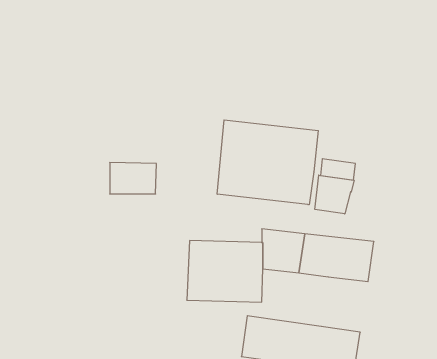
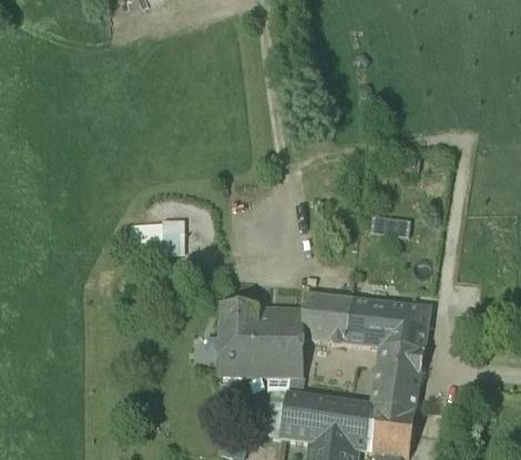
building: [217,120,318,205] -> none
building: [315,175,354,214] -> none
building: none -> [370,347,423,410]

